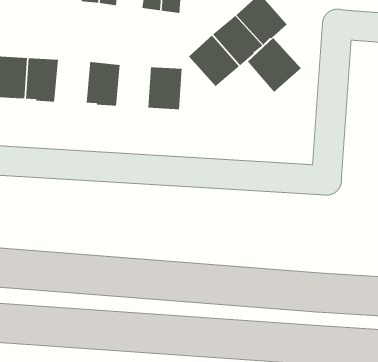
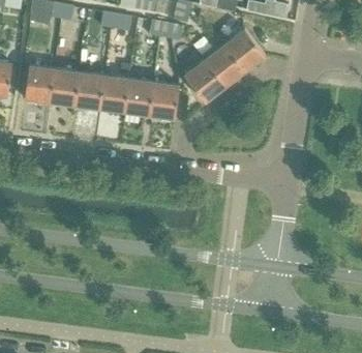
building: [247,37,302,93] -> none
building: none -> [74,72,104,109]
building: none -> [124,80,153,116]

